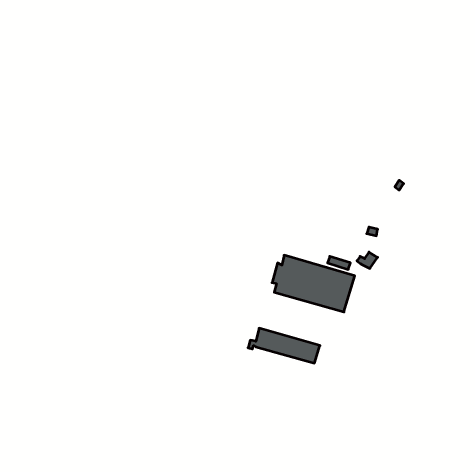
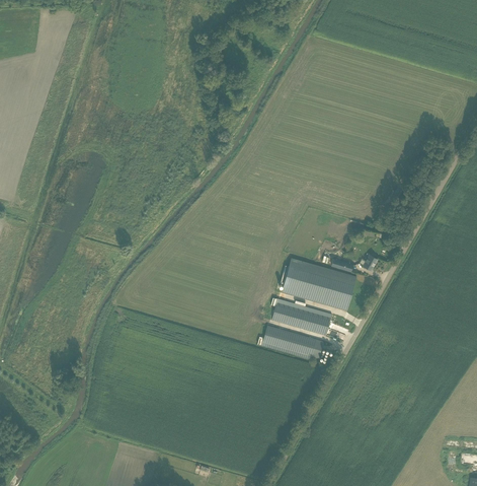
building: none -> [271,302,330,335]

